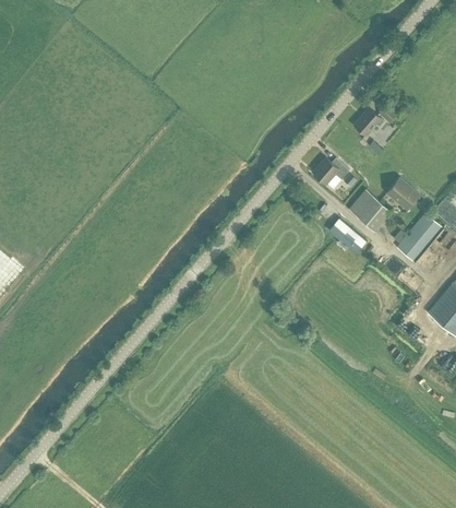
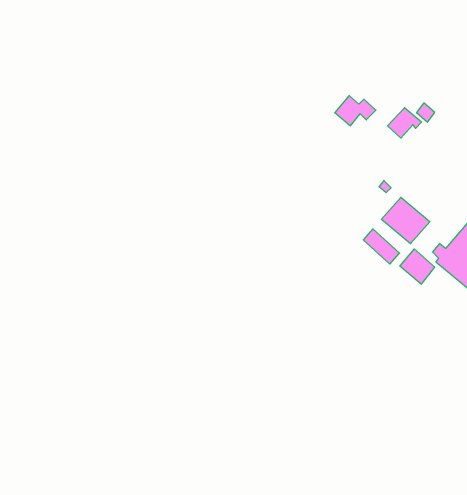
building: [312,157,349,185] -> [335,96,376,126]
building: [387,178,419,210] -> [400,249,435,284]

